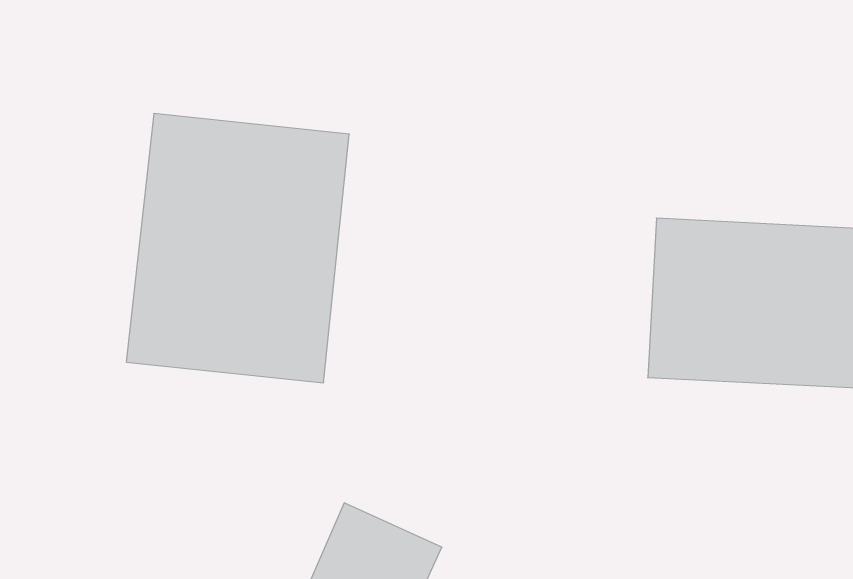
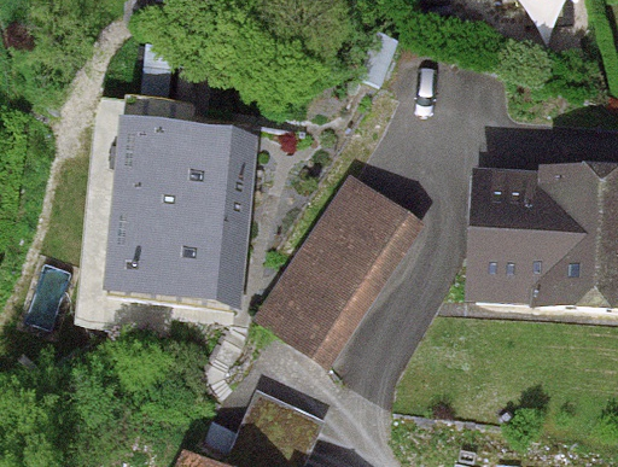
building: none -> [251,171,425,368]

